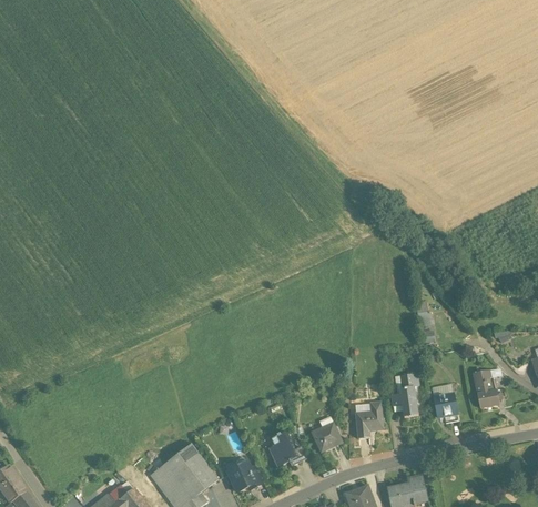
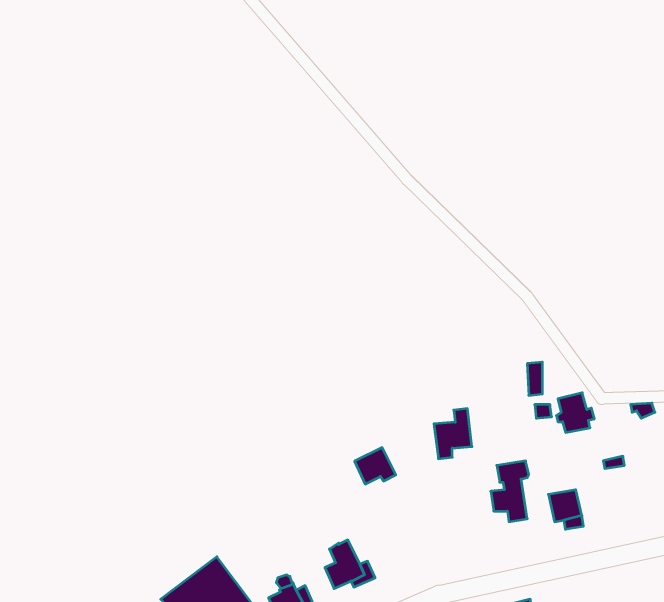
building: [474,381,501,409] -> [556,393,594,432]
building: [355,403,383,439] -> [434,409,472,459]
building: [312,423,342,449] -> [355,448,396,484]

